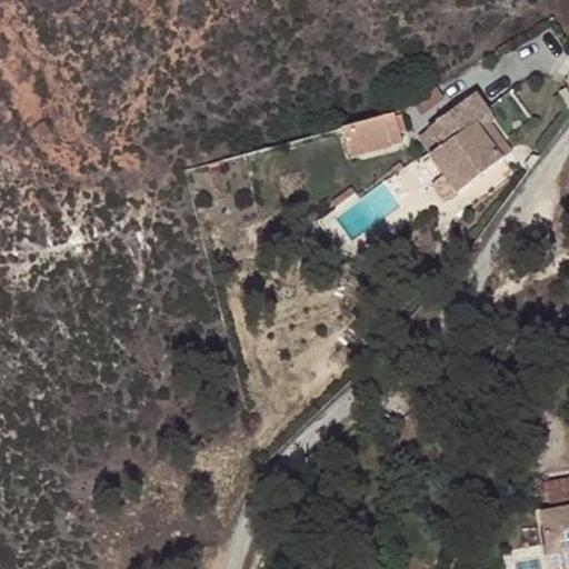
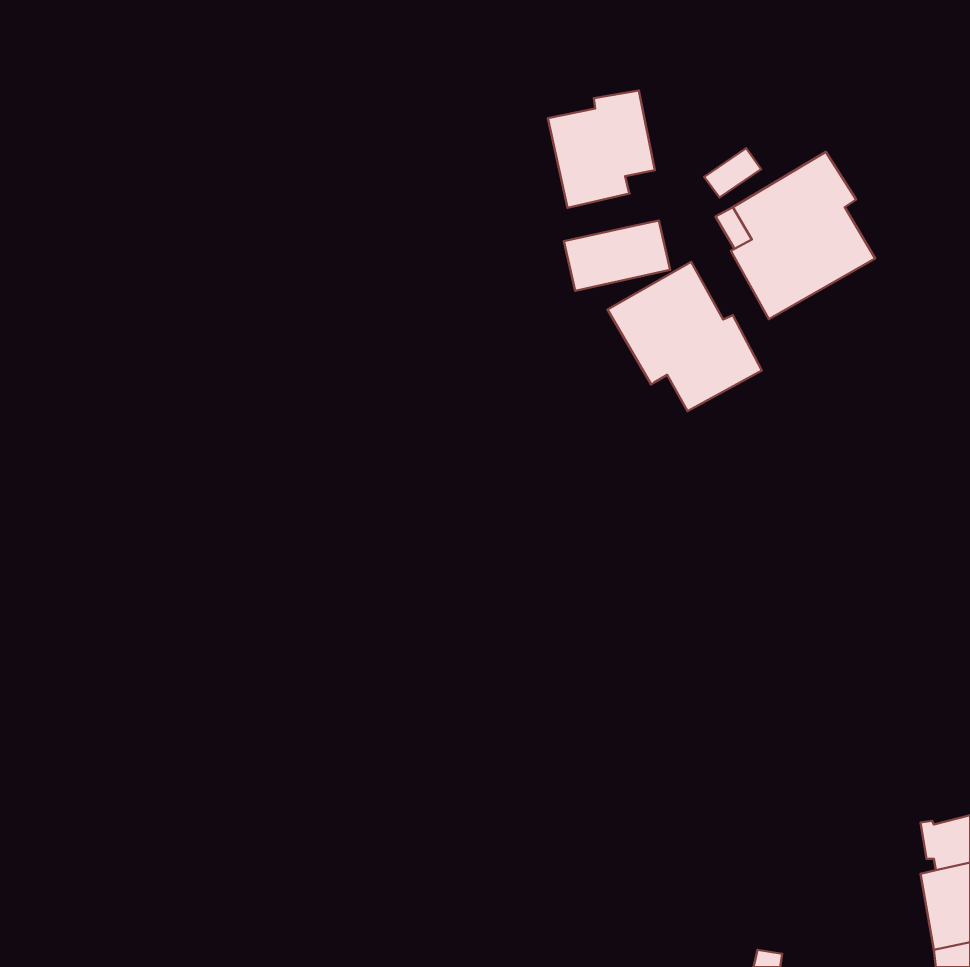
building: none -> [548,90,655,208]
building: none -> [608,262,762,411]

